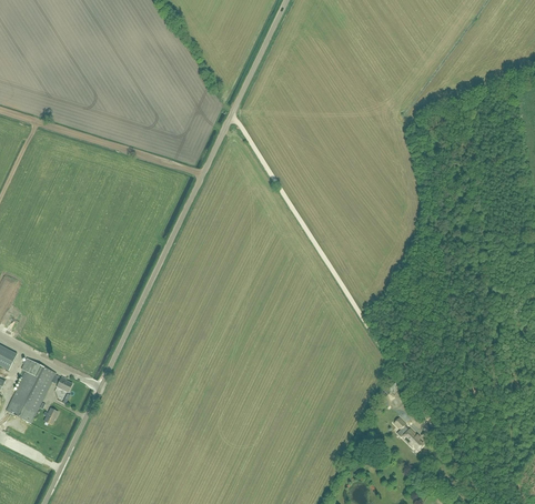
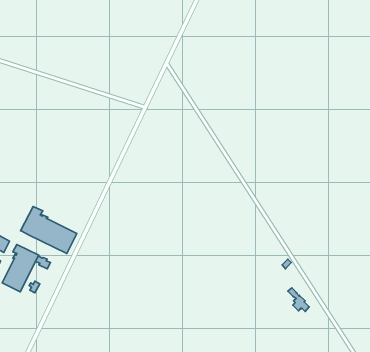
building: none -> [20,206,77,254]

